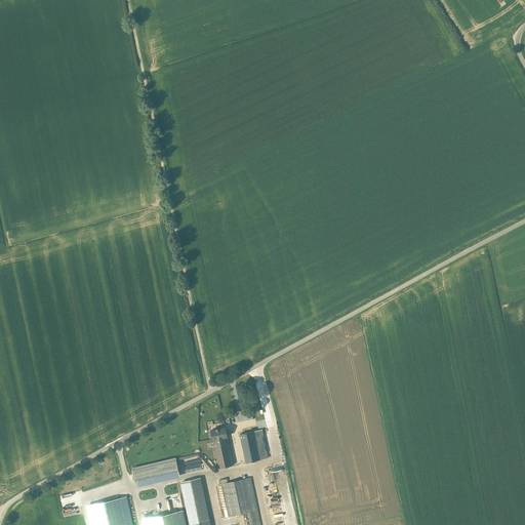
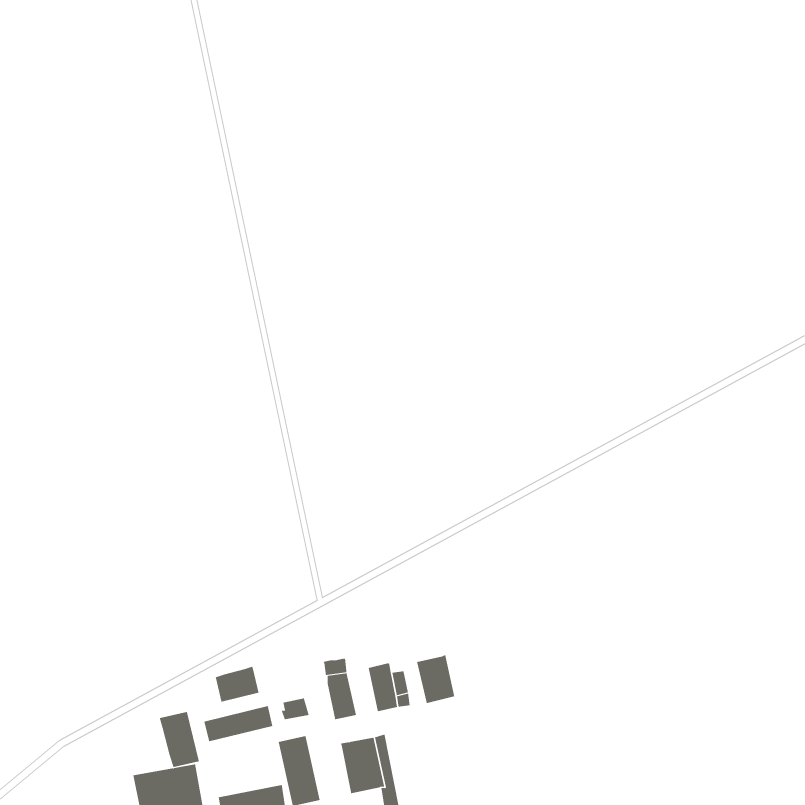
building: none -> [416,654,455,704]
building: none -> [215,666,259,702]
building: none -> [159,711,200,768]

